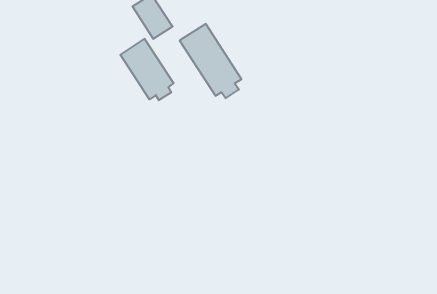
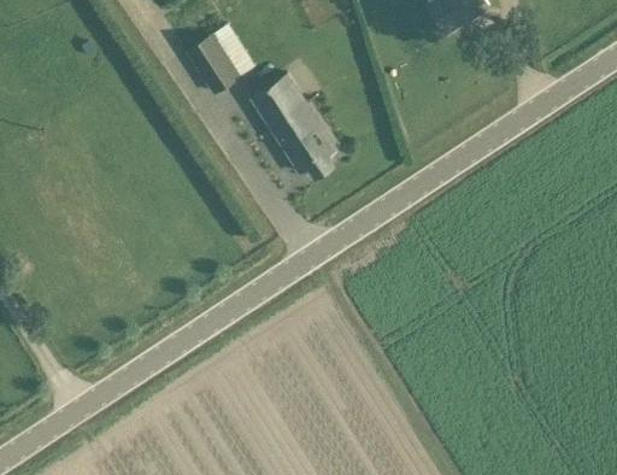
building: [120,39,174,100] -> none

